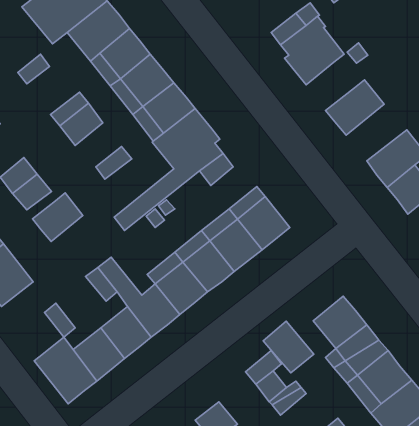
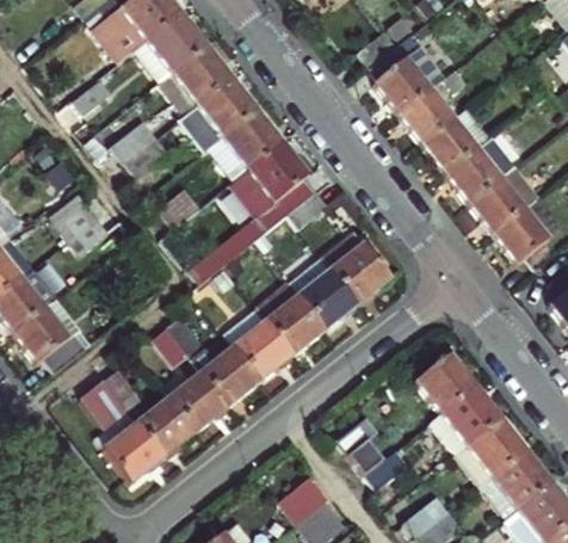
building: none -> [406,86,462,142]
building: none -> [452,134,523,200]
building: [33,193,83,241] -> none
building: none -> [78,377,124,425]
building: [263,321,314,373] -> none

